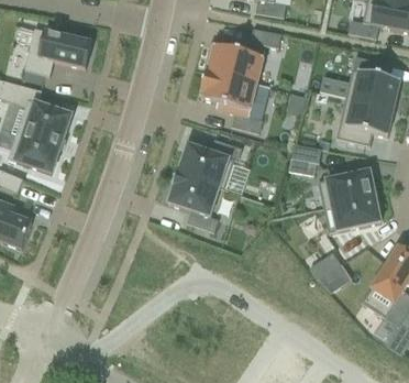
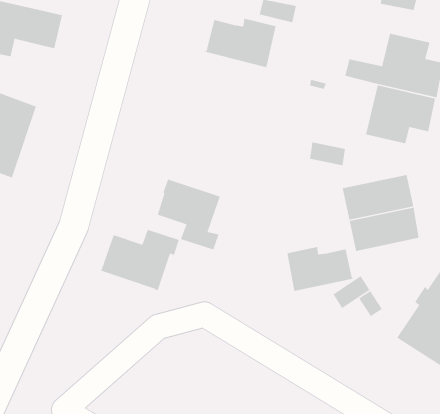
building: [200,70,263,133] -> none
building: [177,139,242,189] -> [100,229,180,291]
building: none -> [286,246,355,292]

